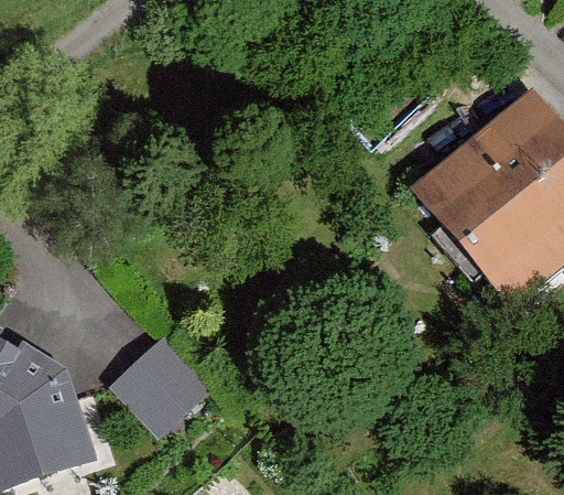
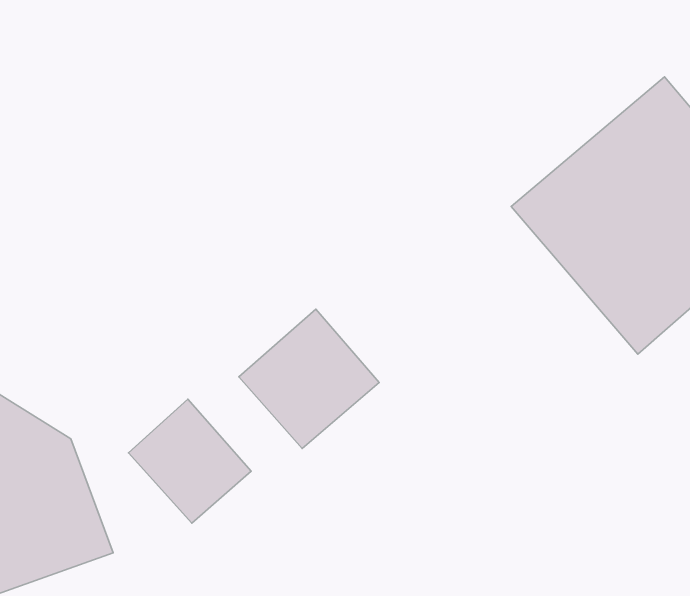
building: none -> [239,309,379,449]

